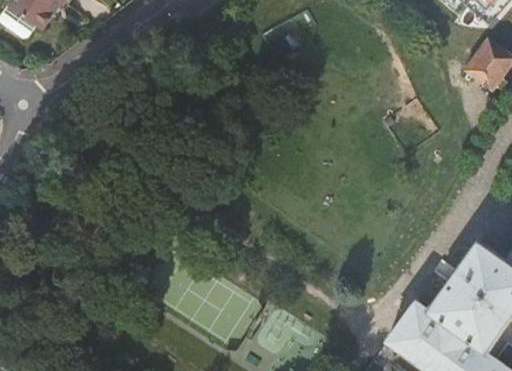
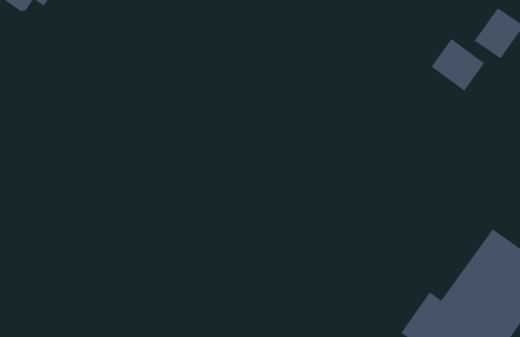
building: none -> [431,38,485,92]

